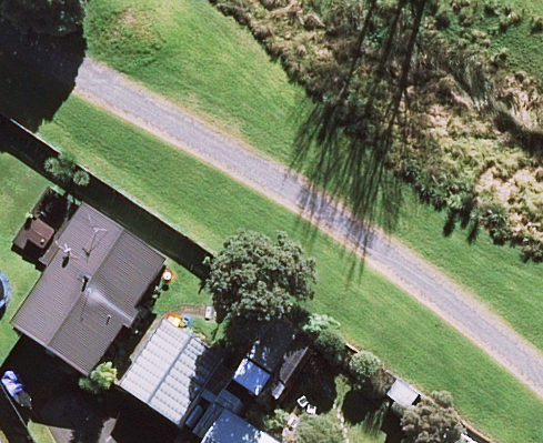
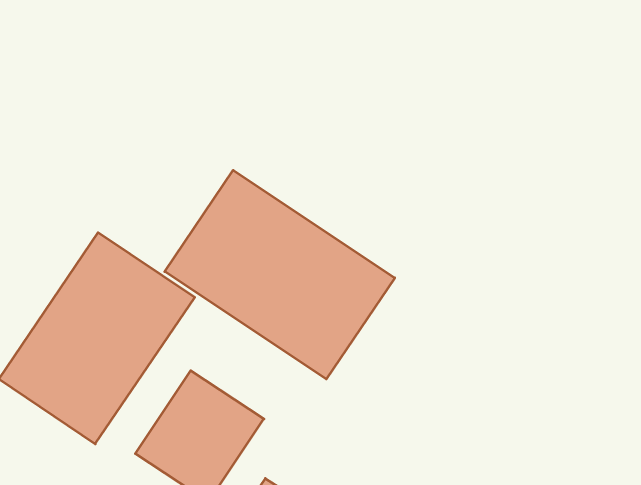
building: none -> [165,170,395,379]

